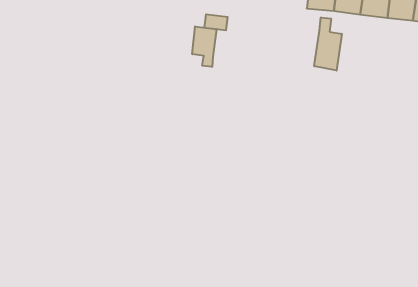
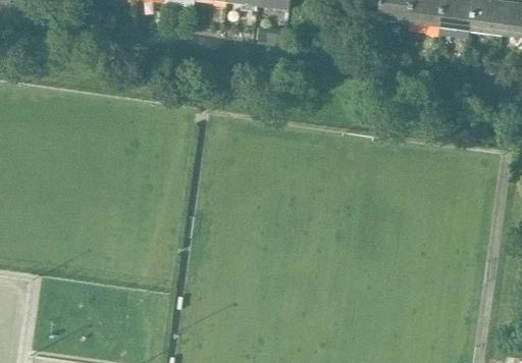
building: [314,17,342,71] -> none
building: [192,26,217,67] -> none

